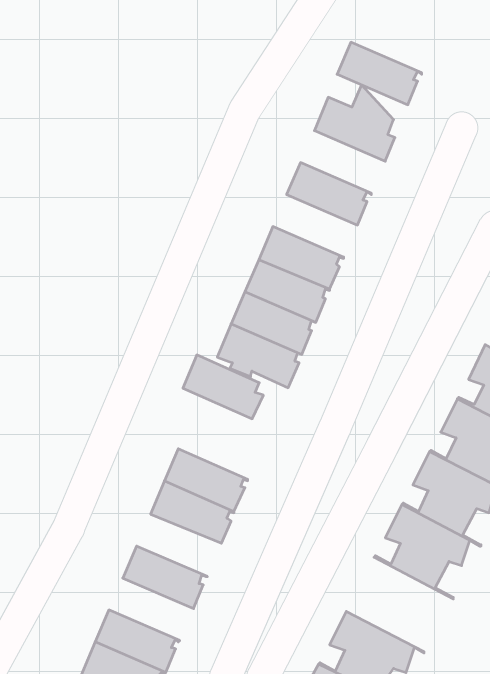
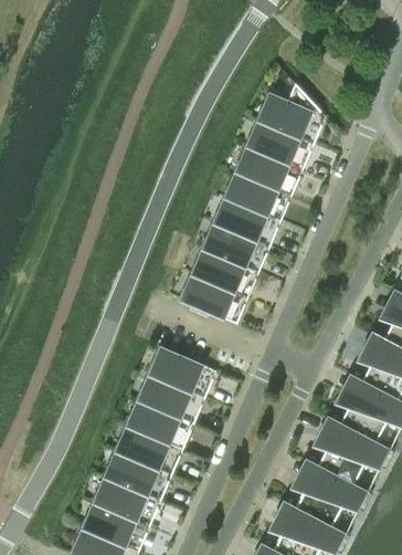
building: [337,42,422,105] -> [245,121,313,170]
building: none -> [223,171,290,221]
building: [183,355,263,419] -> [148,347,212,398]
building: none -> [115,426,182,475]
building: none -> [282,460,367,535]
building: none -> [93,477,160,526]

